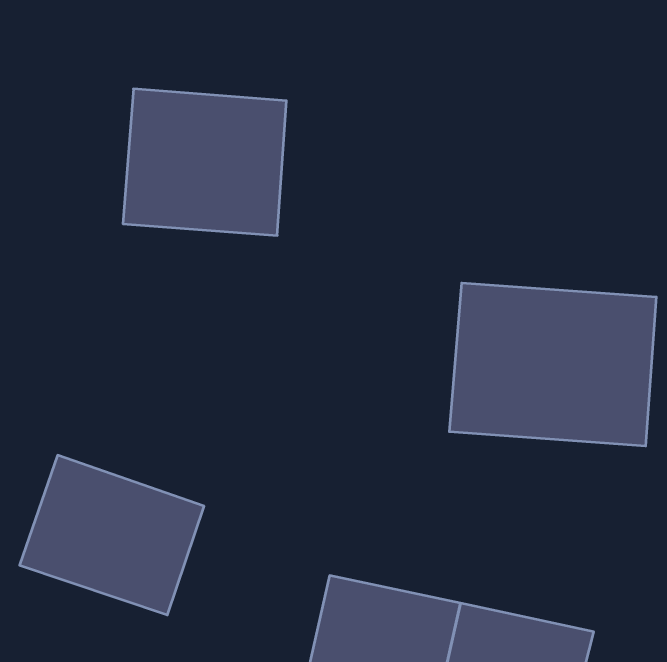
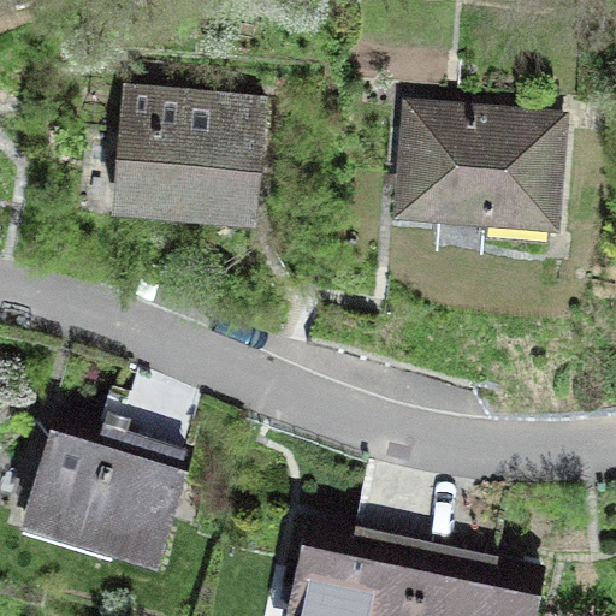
building: none -> [393,101,567,227]
building: [449,283,656,446] -> none

